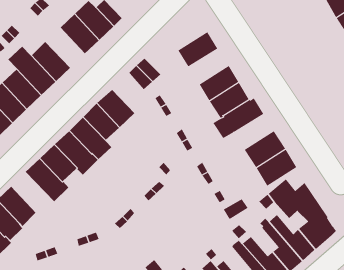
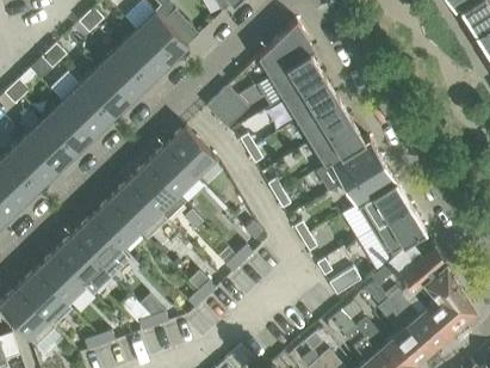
building: none -> [259,20,316,78]
building: none -> [99,48,150,100]
building: none -> [284,75,337,122]
building: none -> [343,160,396,207]
building: none -> [55,235,111,293]

